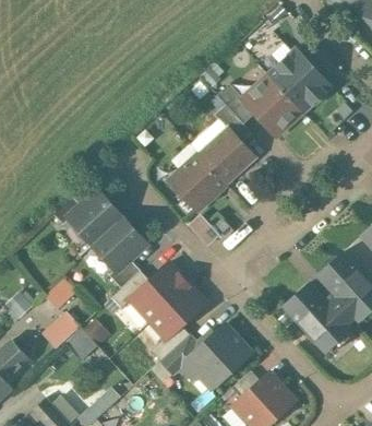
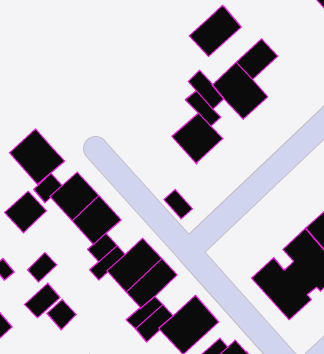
building: none -> [189,5,241,56]
building: [286,69,331,113] -> none
building: none -> [9,129,64,184]
building: [170,155,226,211] -> none
building: none -> [5,191,47,233]

